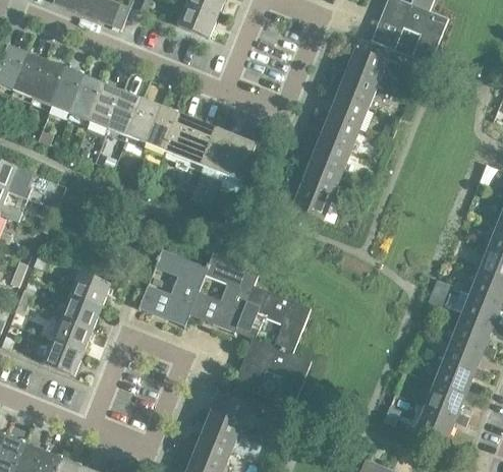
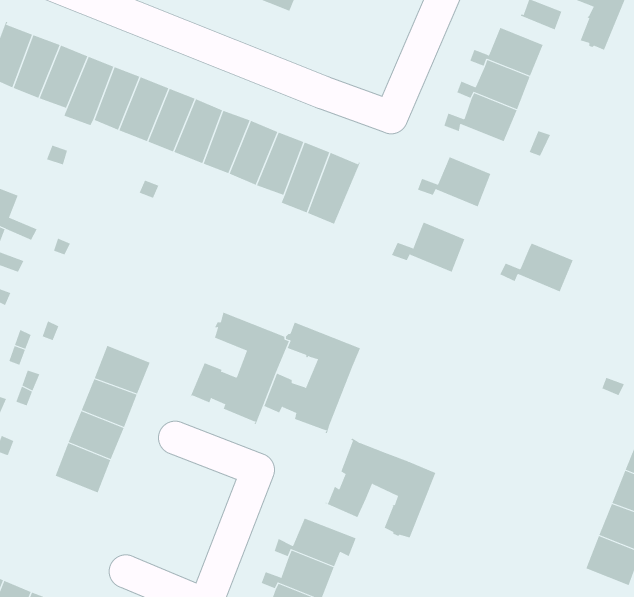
building: [308,116,359,151] -> none
building: [289,162,341,196] -> [499,243,573,292]
building: [237,285,311,352] -> none

